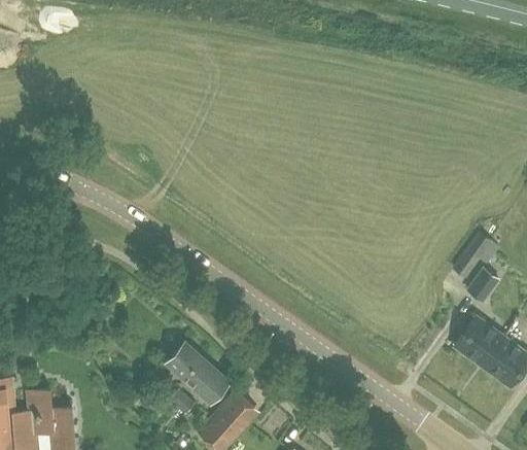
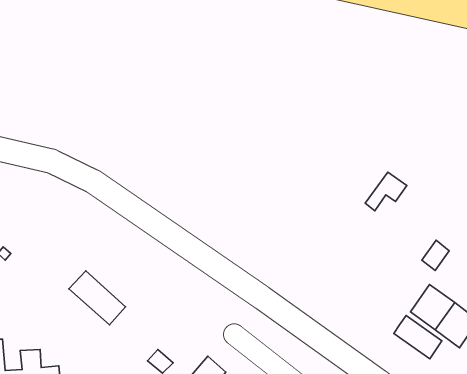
building: [454,234,499,276] -> [365,172,407,211]
building: [166,343,227,402] -> [69,271,125,325]
building: none -> [394,315,442,359]

